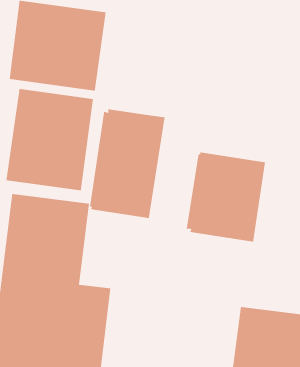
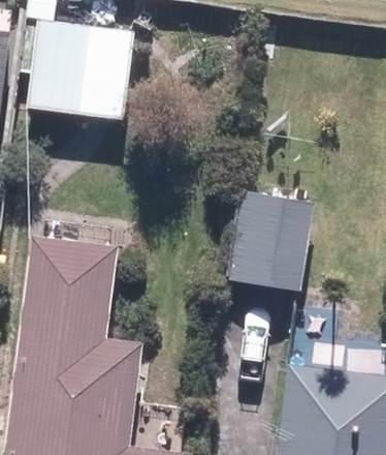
building: [6,88,94,191] -> none
building: [90,109,165,219] -> none

